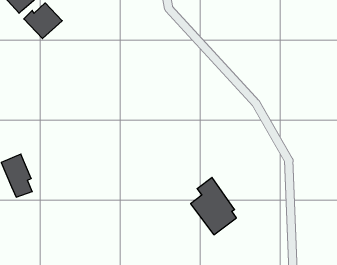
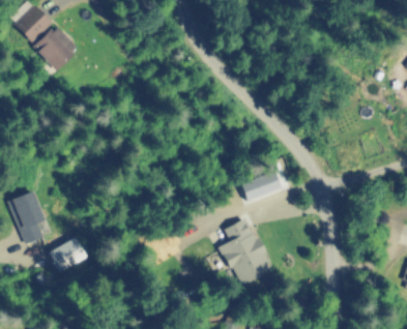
building: none -> [241,173,282,202]
building: none -> [46,234,84,269]

